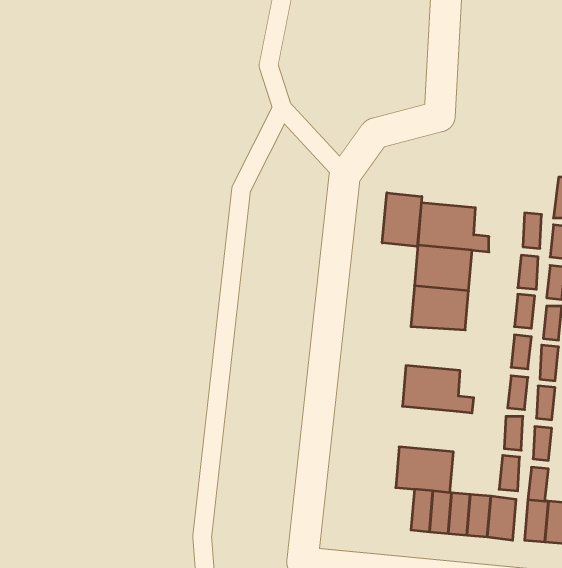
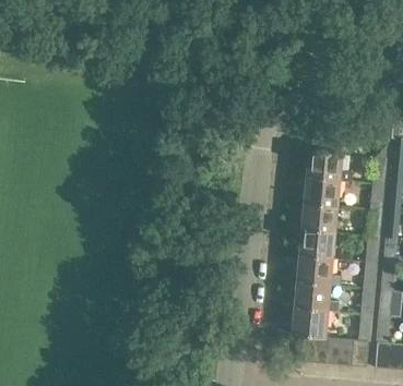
building: [382,193,422,247] -> none
building: none -> [298,226,336,254]
building: none -> [294,277,339,307]

